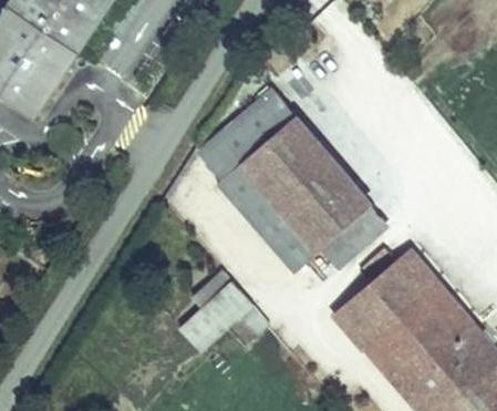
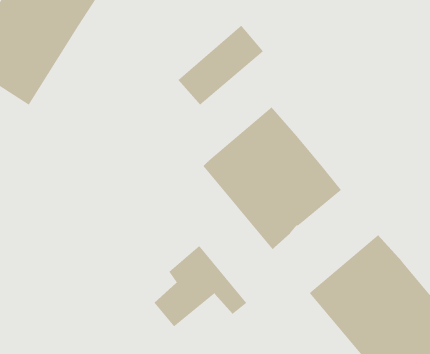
building: [205,90,294,174] -> [178,25,264,106]
building: [322,204,382,261] -> none

